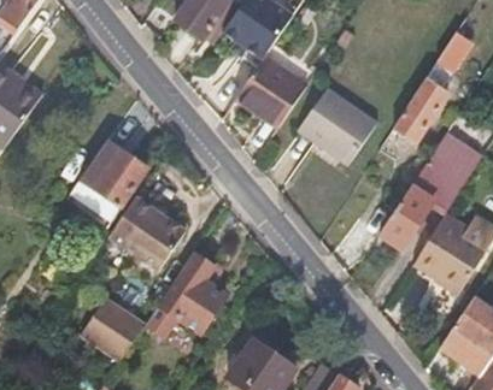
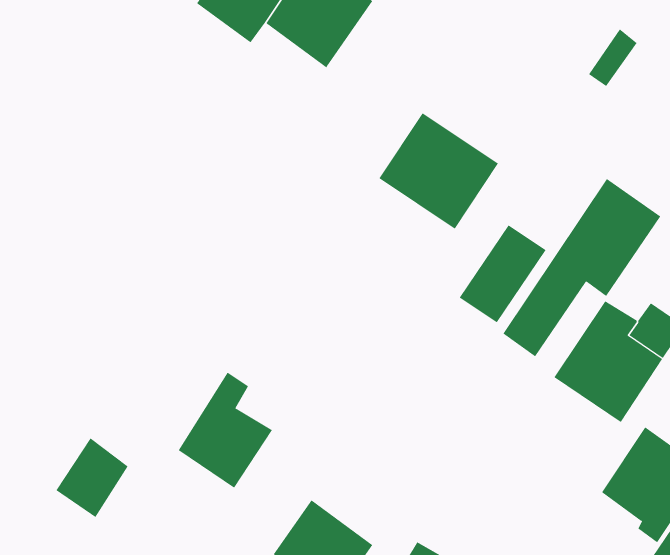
building: [236,55,306,126] -> none
building: [393,77,451,142] -> [459,225,546,323]
building: [72,143,148,224] -> none
building: [110,197,186,271] -> none

